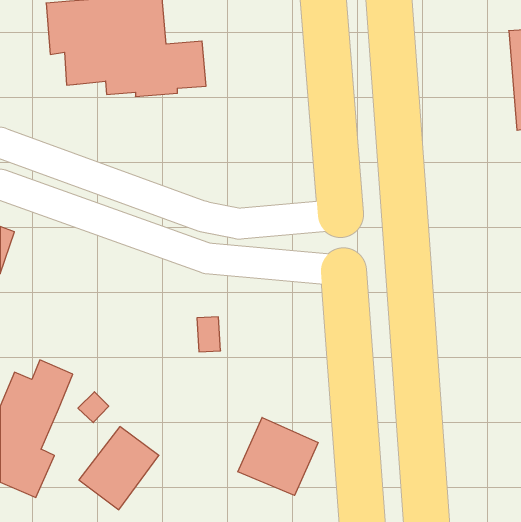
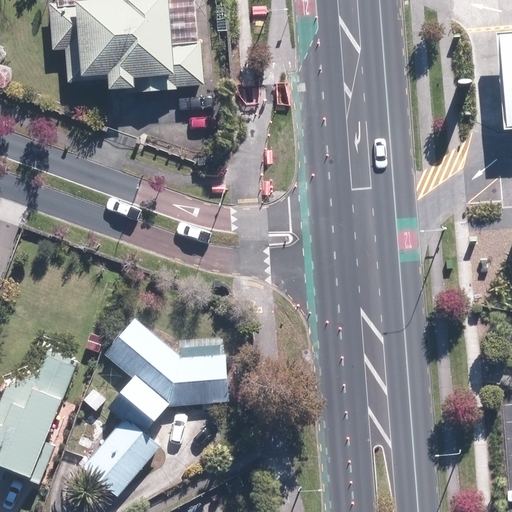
building: none -> [105,317,229,424]
building: [238,417,318,495] -> none

